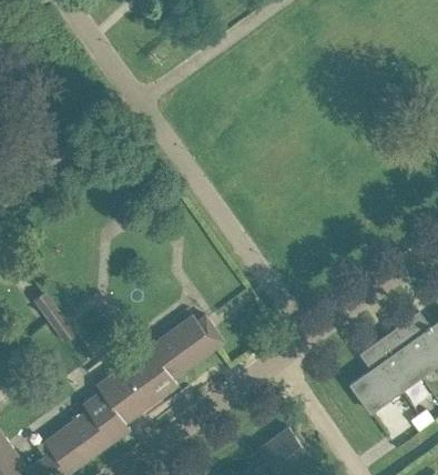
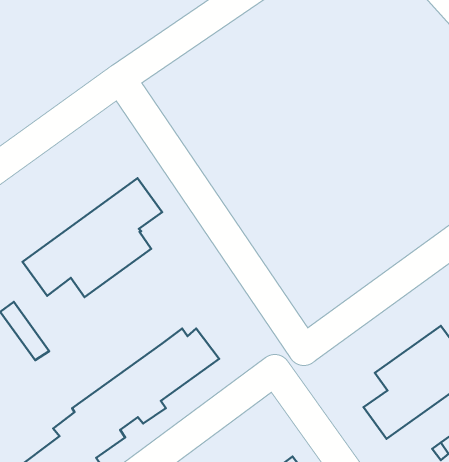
building: none -> [23,178,162,297]

